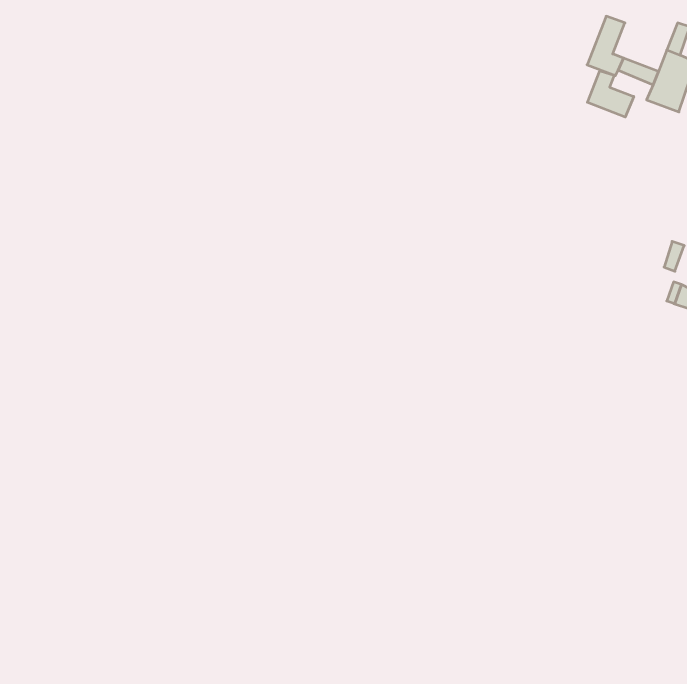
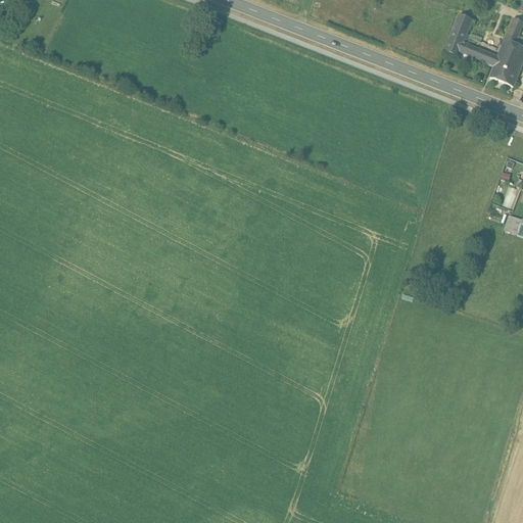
building: [587,71,634,117] -> none

